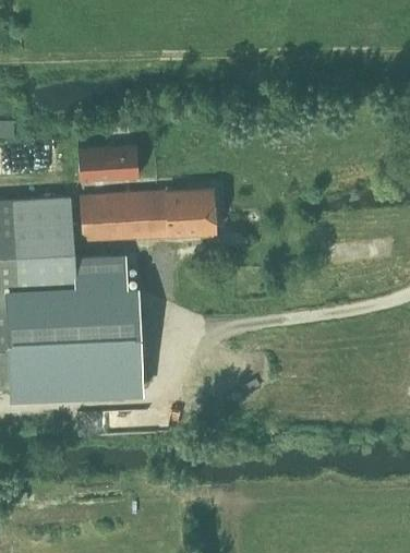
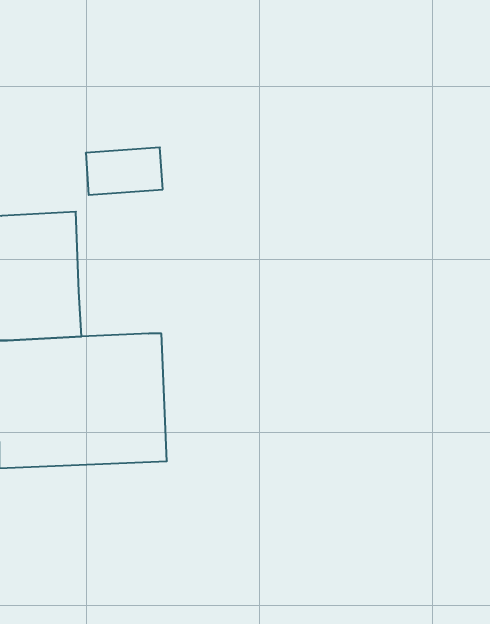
building: [82,190,217,243] -> none
building: [74,256,129,293] -> none

